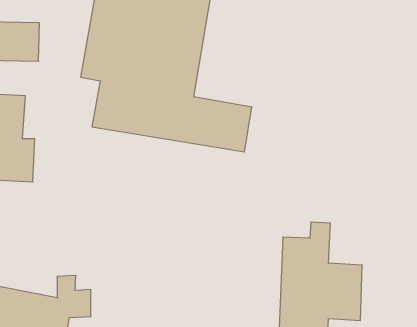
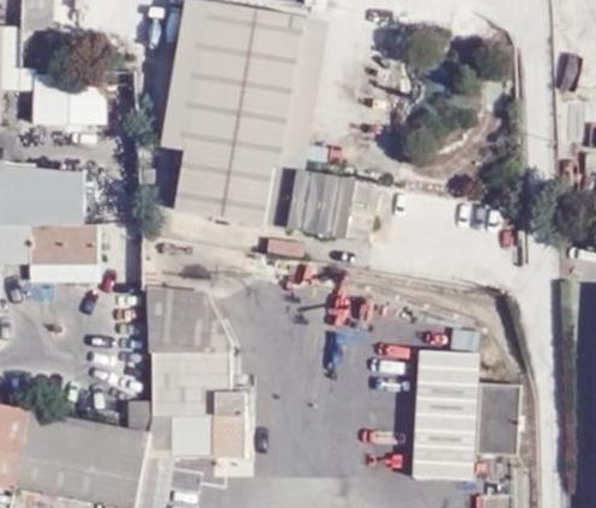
building: none -> [145,286,243,460]

